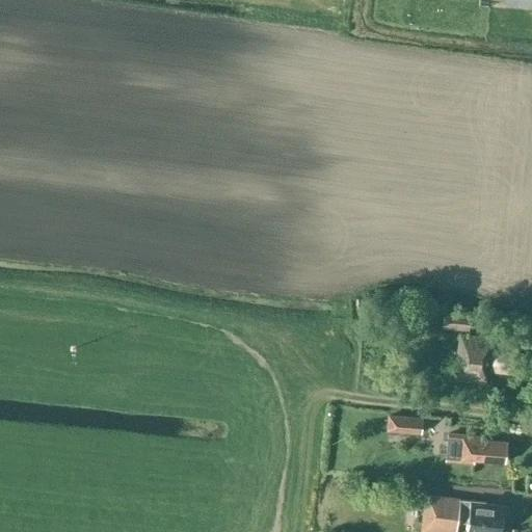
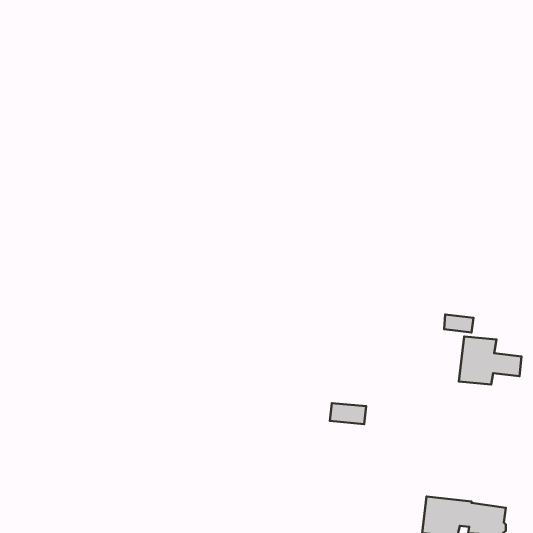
building: [389,415,425,435] -> [330,403,366,424]
building: [447,437,507,464] -> none

